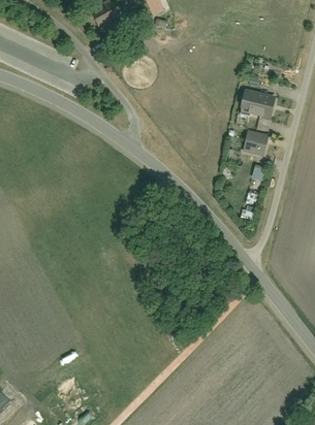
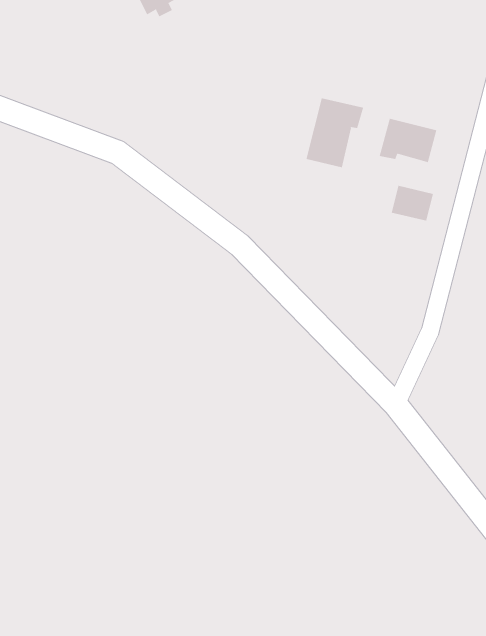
building: none -> [306,98,364,168]

